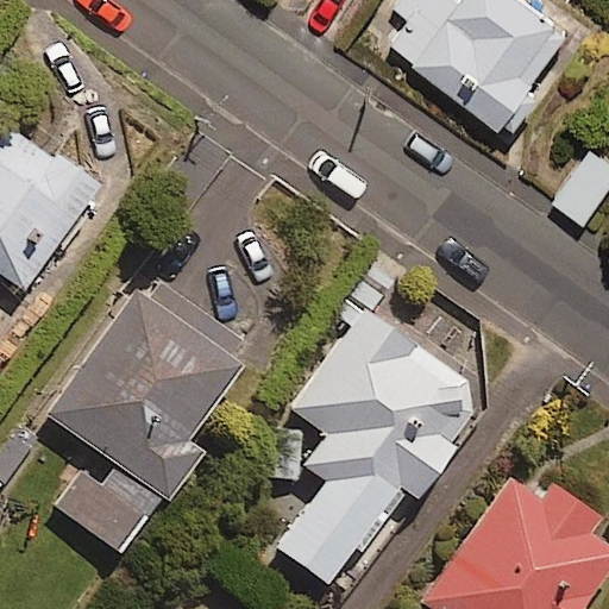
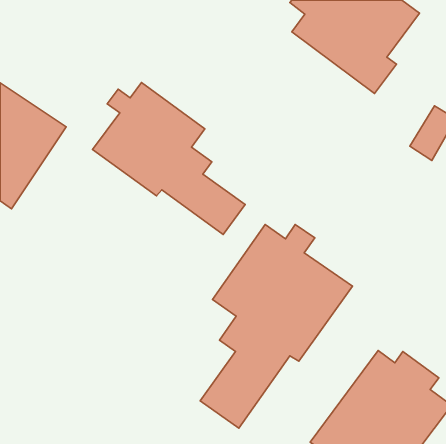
building: none -> [92,83,245,234]
building: [42,272,247,553] -> none

